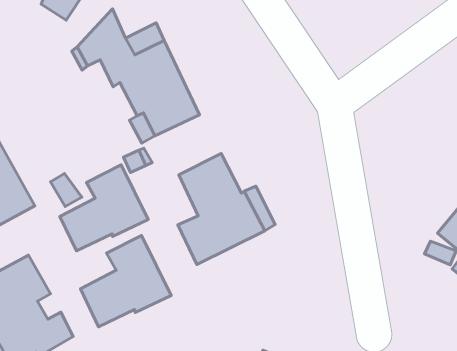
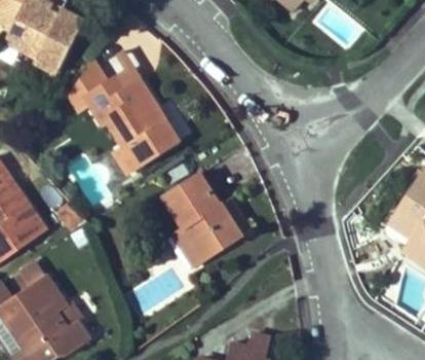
building: [60,165,148,251] -> none
building: [80,235,171,327] -> none

